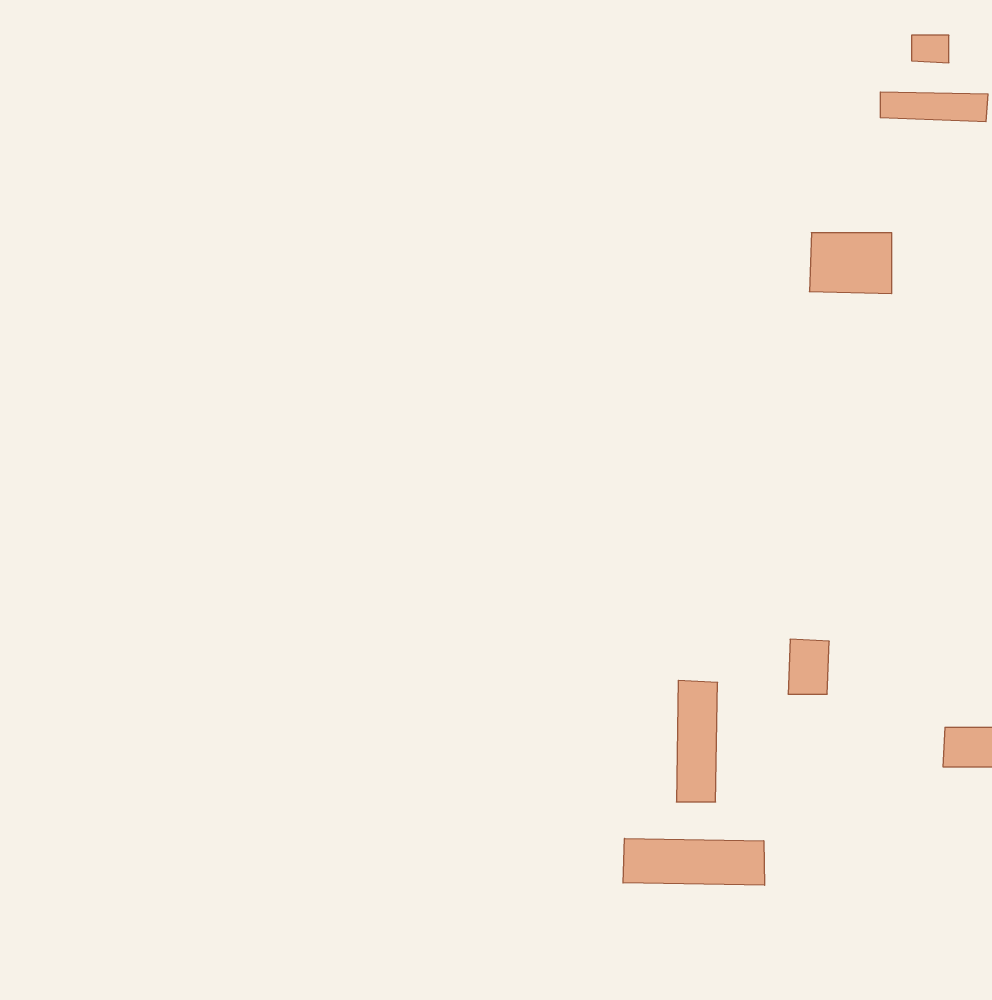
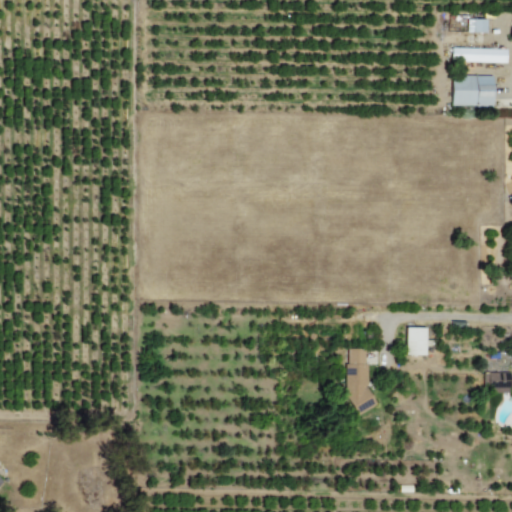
building: [809,233,892,294] -> [453,75,495,106]
building: [623,838,765,885] -> none

